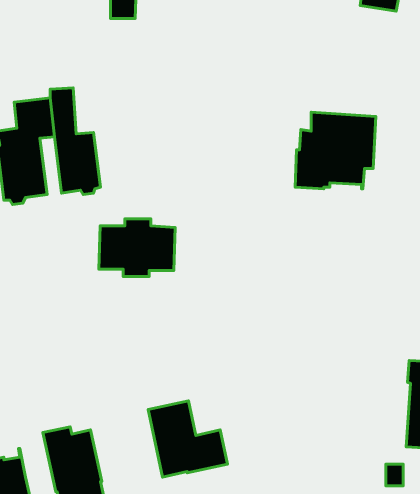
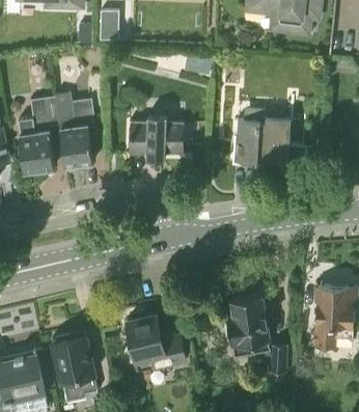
building: [99,219,175,276] -> [130,116,185,158]
building: none -> [226,295,288,373]

